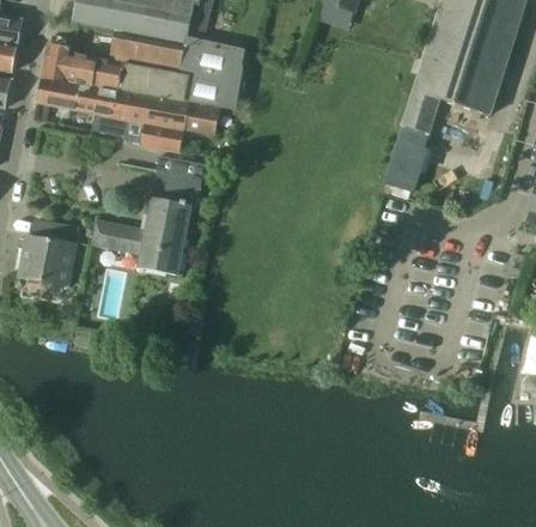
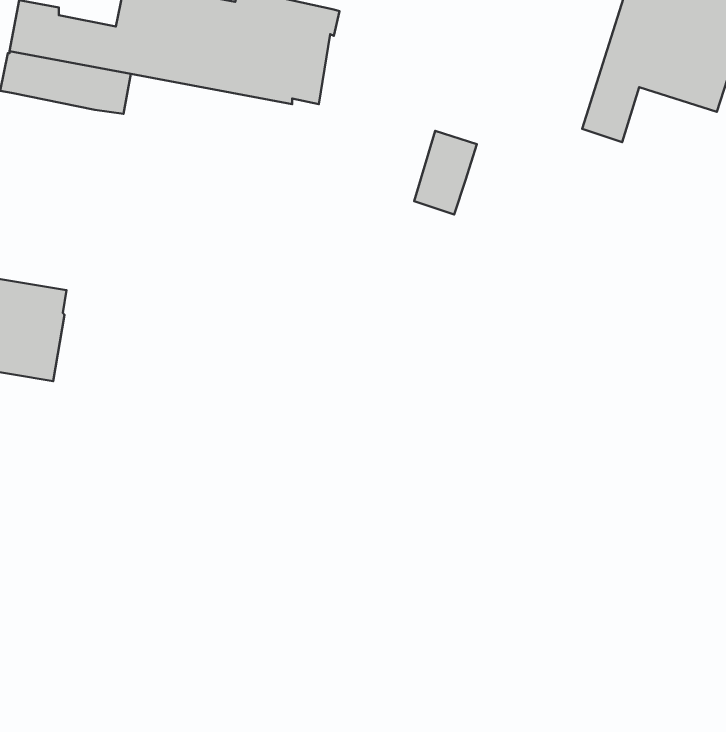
building: [114,91,220,151] -> none
building: [385,139,425,192] -> [414,131,477,214]
building: [91,156,205,275] -> none

